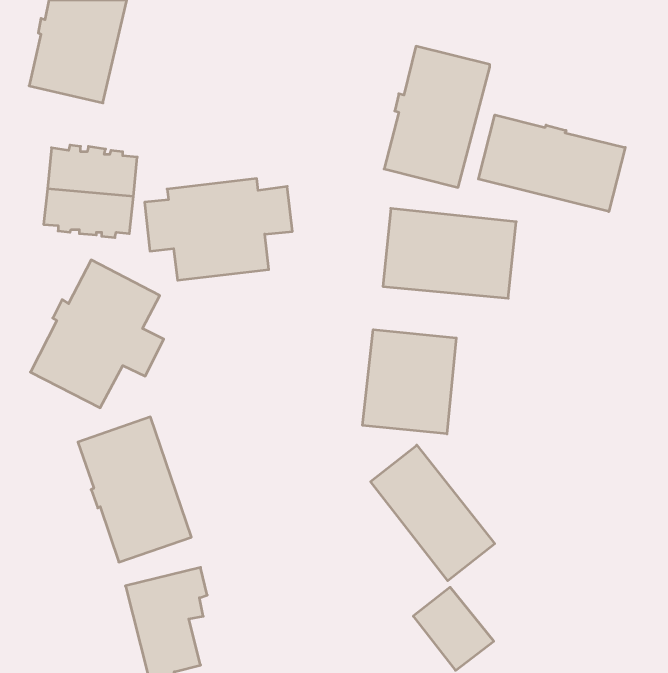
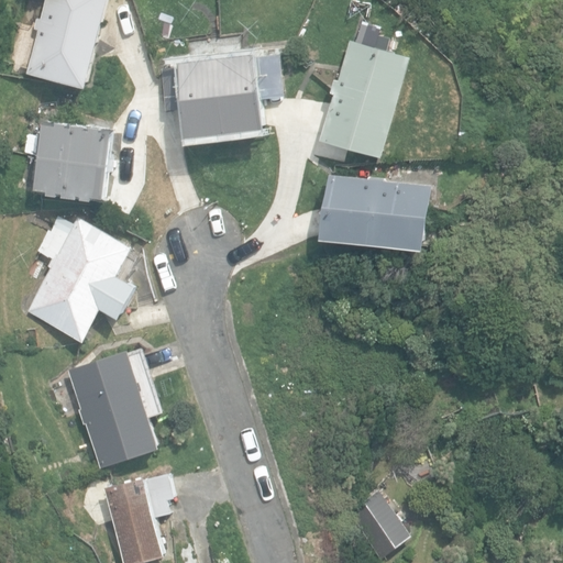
building: [478,115,625,212] -> none
building: [145,179,292,280] -> [162,52,285,136]
building: [363,330,456,434] -> none
building: [371,445,495,581] -> none

